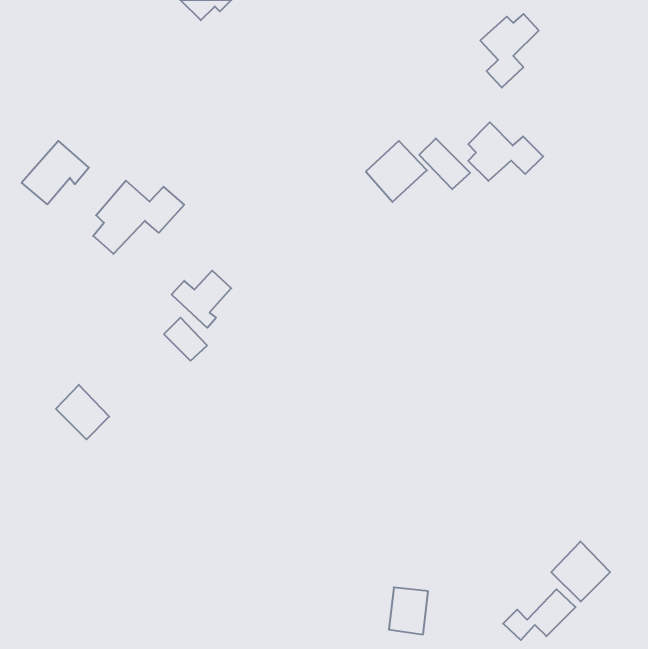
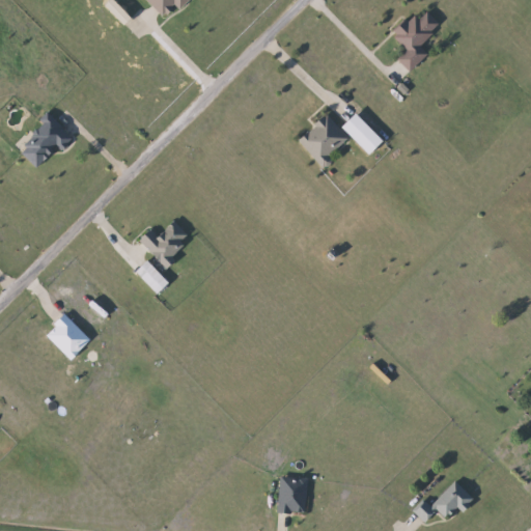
building: [468,122,543,181] -> none
building: [93,181,184,254] -> none
building: [551,541,610,602] -> none
building: [389,587,428,634] -> [276,476,308,514]

